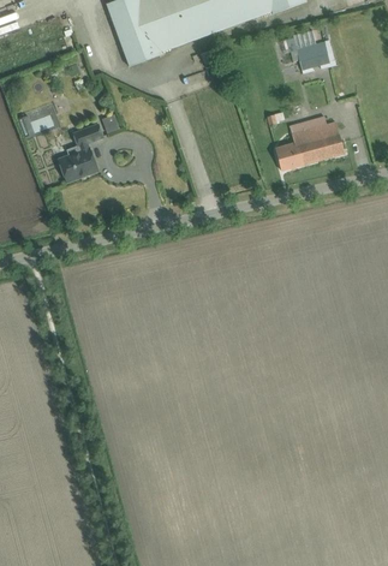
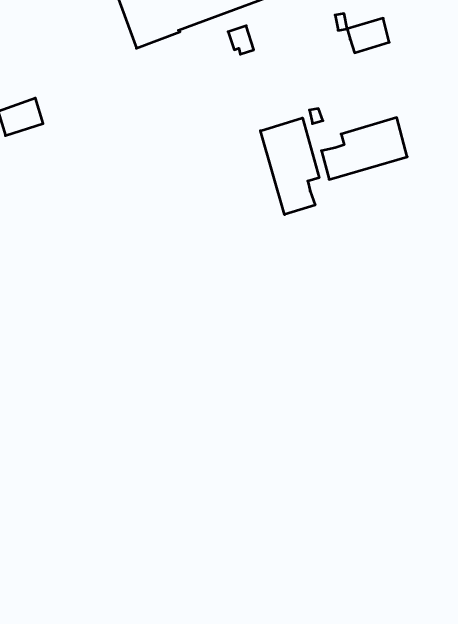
building: none -> [260,118,319,215]
building: [60,123,103,181] -> none

